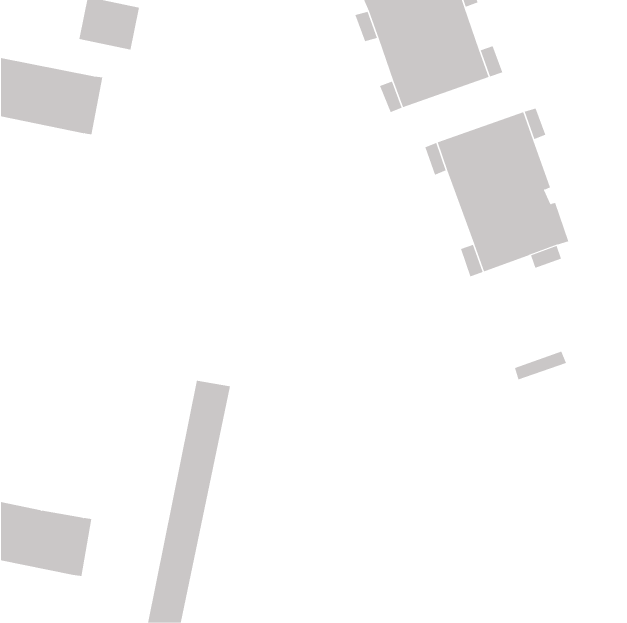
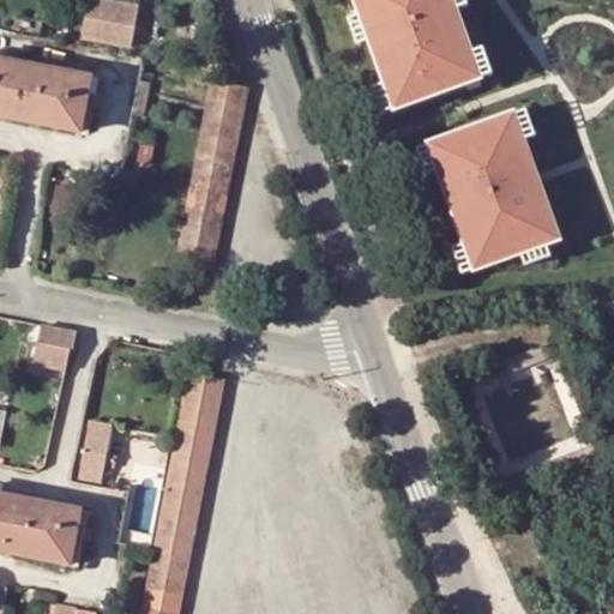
building: none -> [177,79,248,266]
building: none -> [32,323,76,367]
building: none -> [78,420,109,471]

